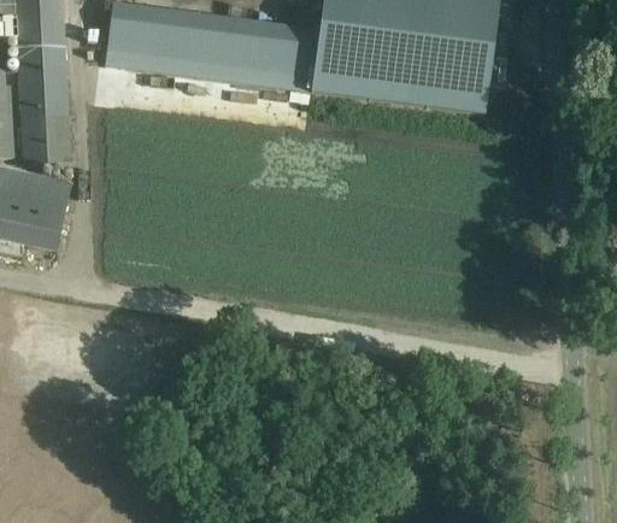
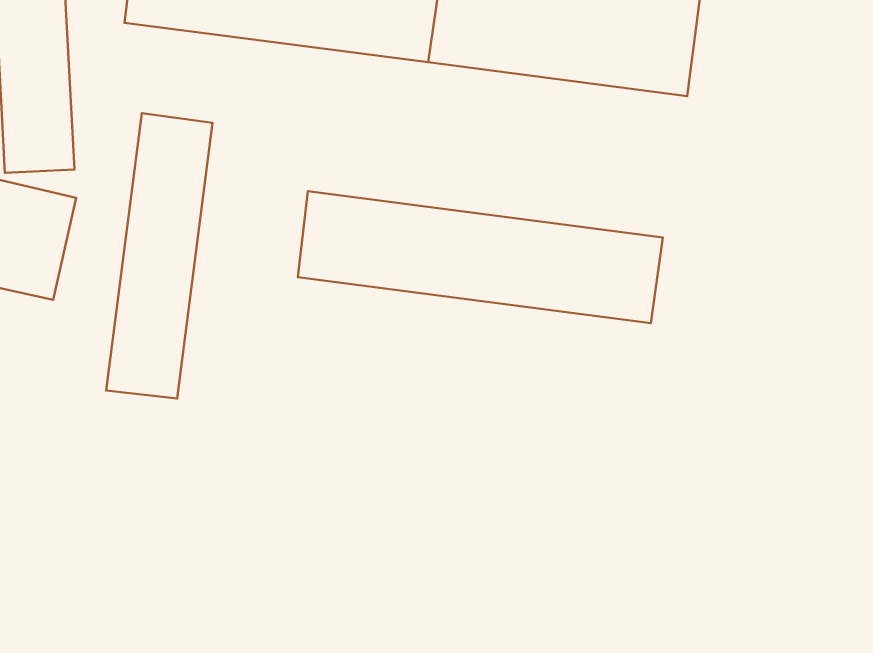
building: none -> [106,113,212,399]
building: none -> [298,191,663,323]

